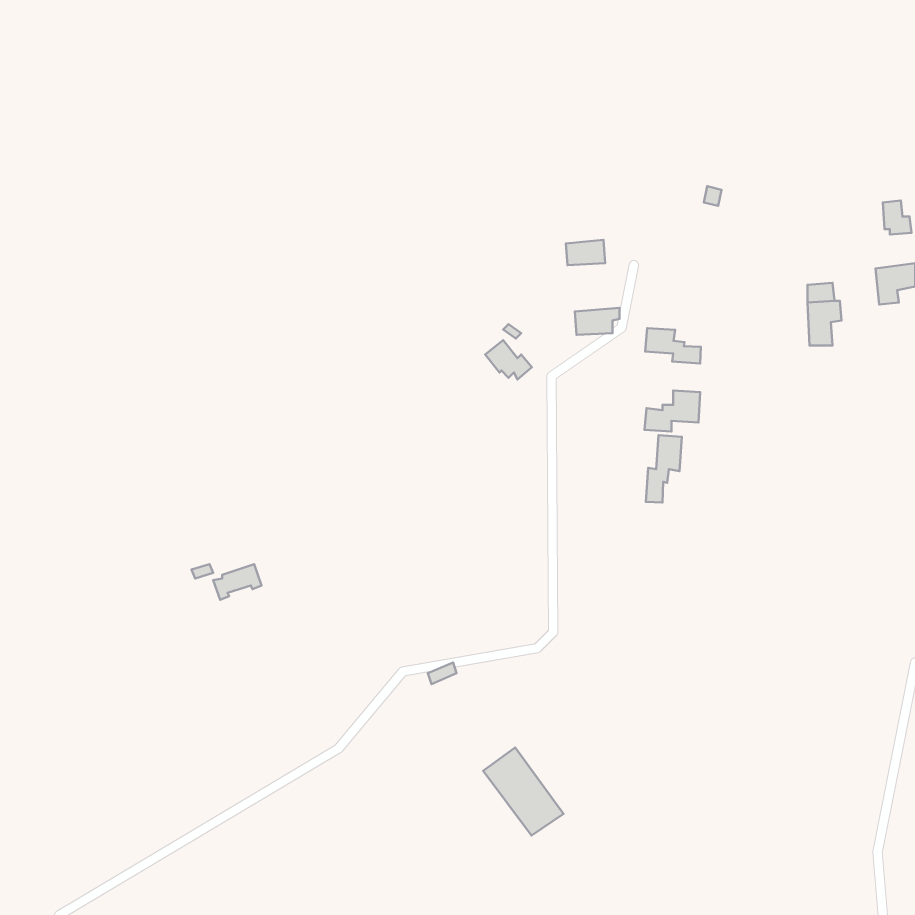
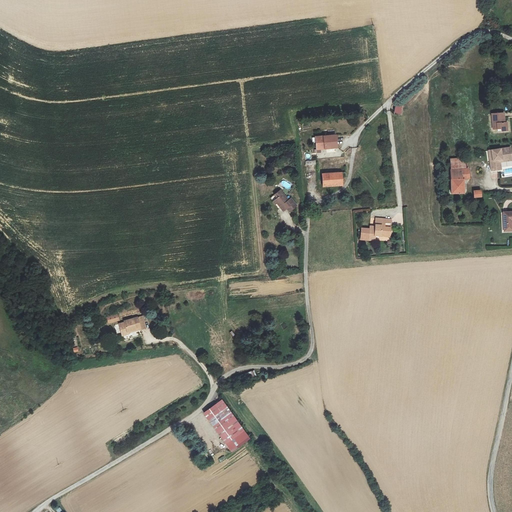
building: [645,328,701,363] -> none
building: [646,435,682,503] -> none
building: [483,748,564,835] -> [204,400,249,449]

